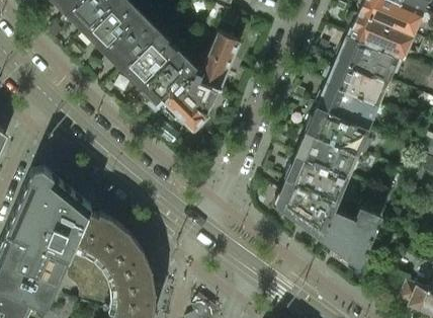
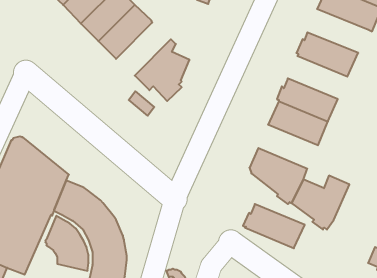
building: [198,31,241,90] -> none
building: [336,35,401,81] -> none
building: [142,48,197,108] -> none
building: [317,84,379,129] -> none
building: [285,155,349,201] -> [243,204,305,248]

